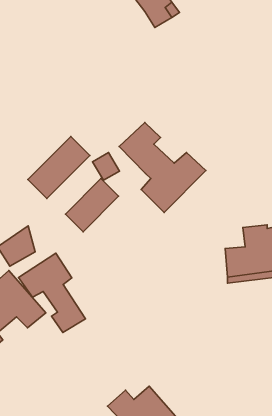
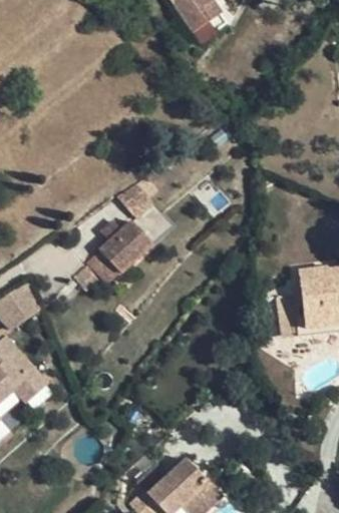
building: [119,122,206,212] -> none
building: [28,137,90,198] -> none
building: [19,253,85,333] -> none

